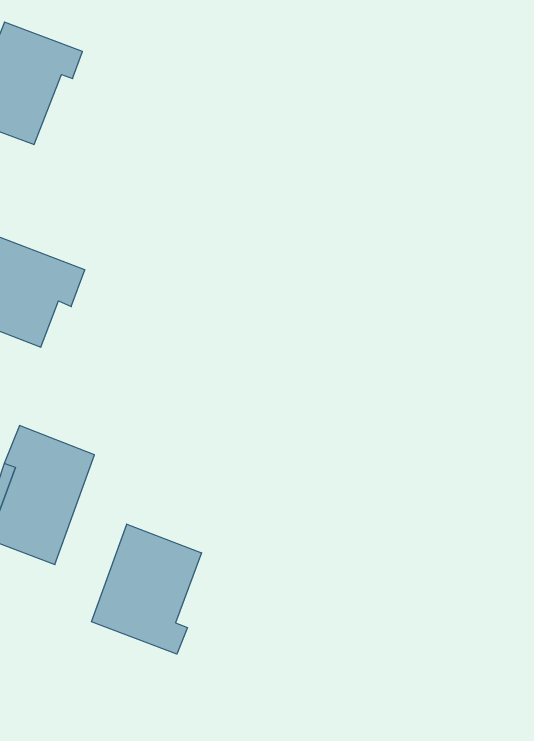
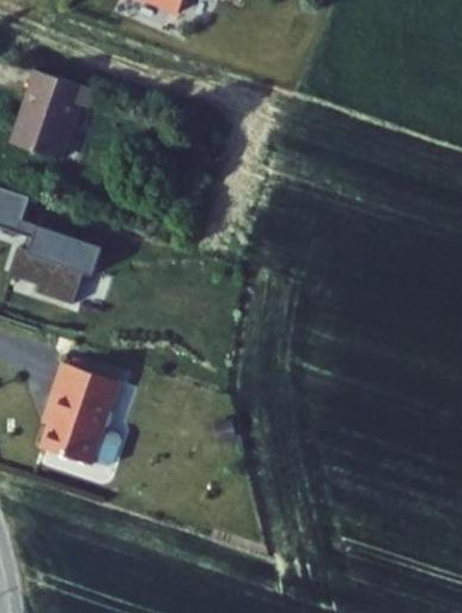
building: [92,524,202,654] -> none

